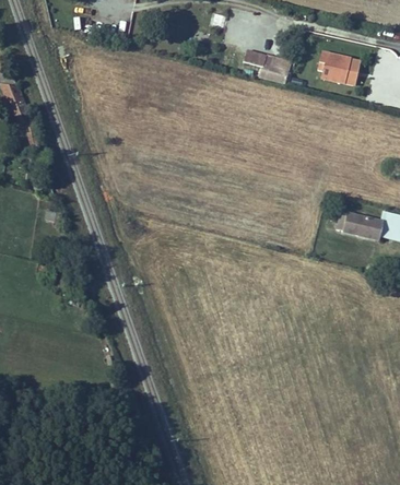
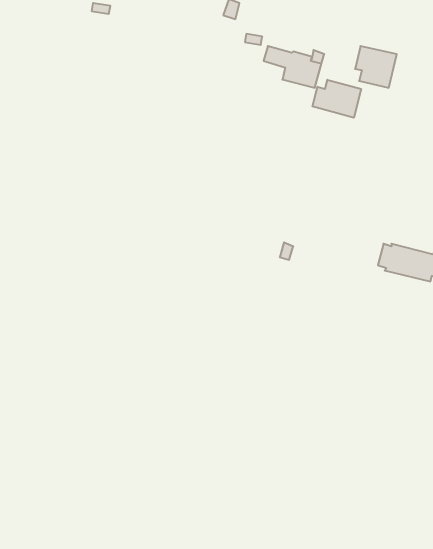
building: none -> [312,80,361,118]

